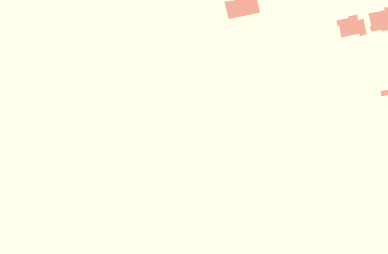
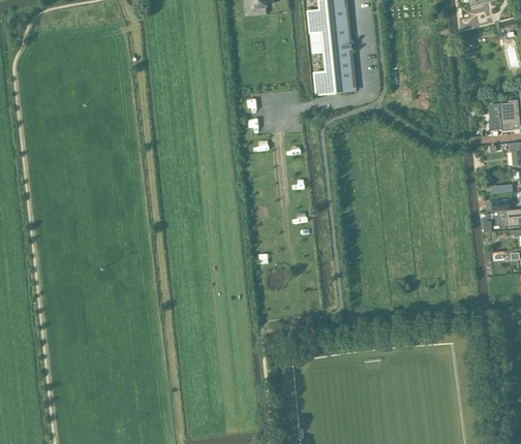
building: [336,14,367,38] -> none

